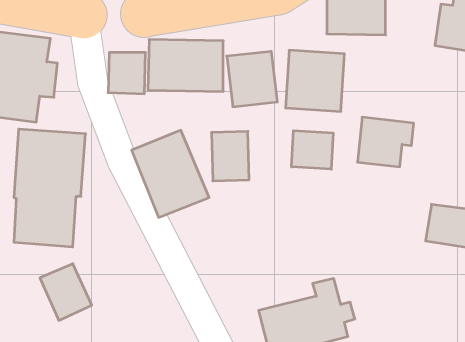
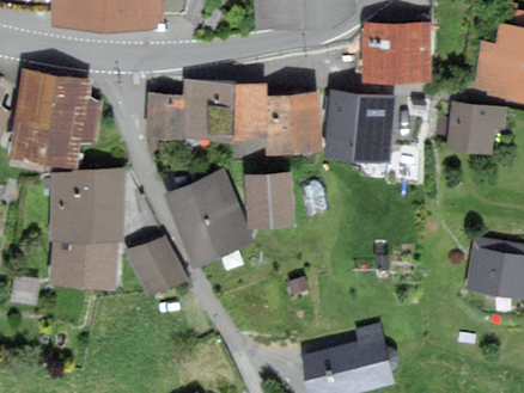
building: [357,117,414,167] -> [446,105,504,155]
building: [292,131,333,169] -> none
building: [40,264,92,320] -> [130,237,183,294]

